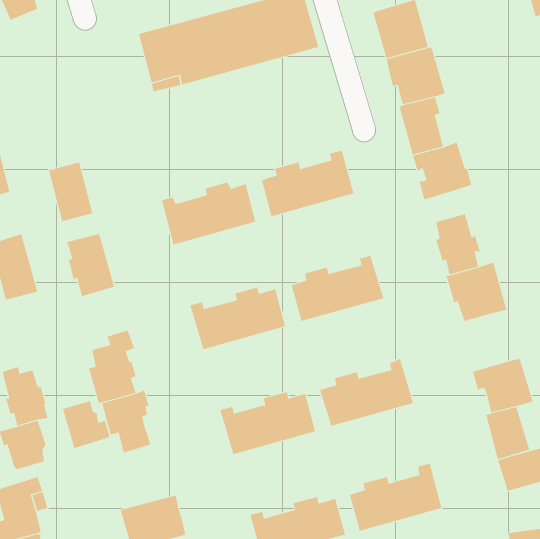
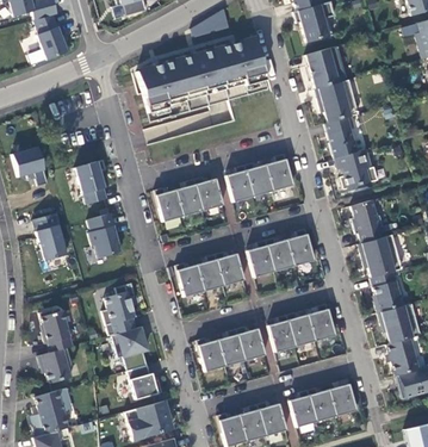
building: none -> [371,271,403,312]
building: [62,400,110,449] -> [128,365,162,399]

